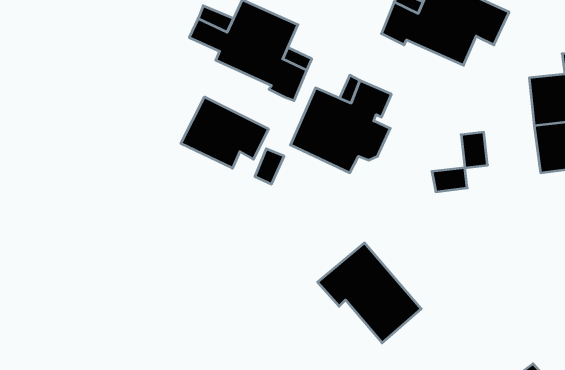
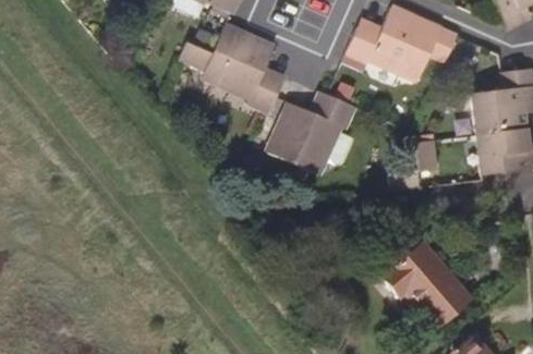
building: [181,97,268,168] -> none
building: [318,243,421,343] -> [380,242,470,328]

